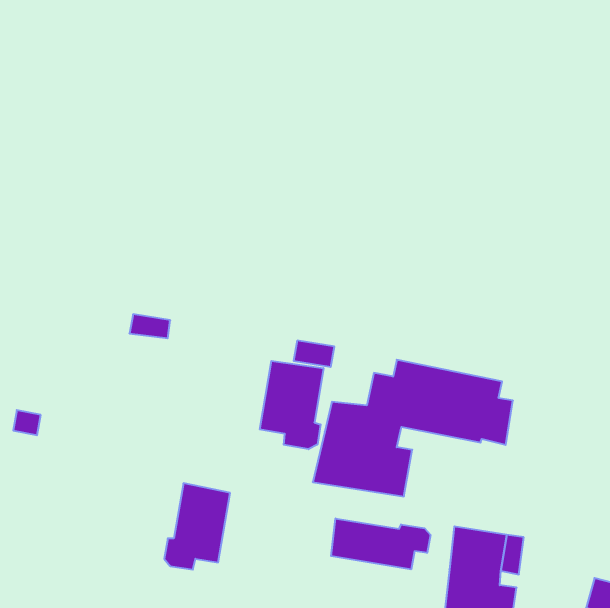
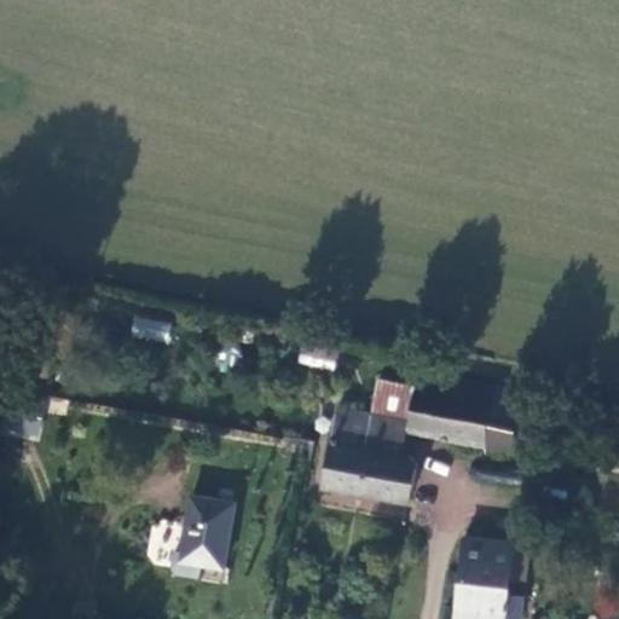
building: [260,361,323,449] -> none
building: [331,518,431,569] -> none

